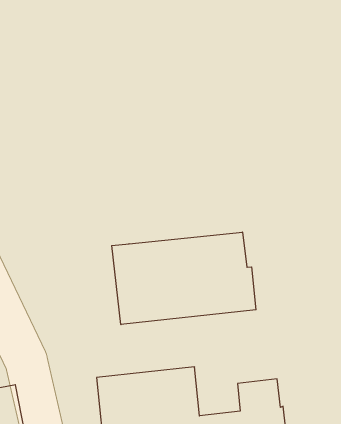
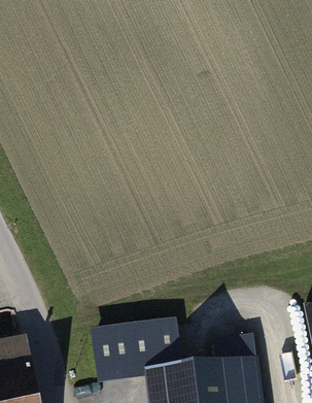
building: [112,232,256,325] -> none

